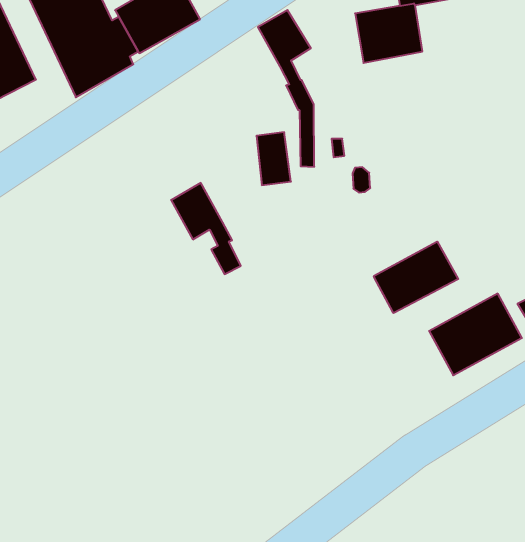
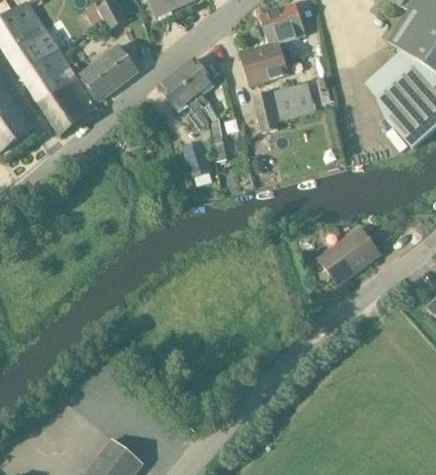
building: none -> [254,82,314,131]
building: [171,183,241,274] -> [158,71,210,130]
building: [374,242,458,313] -> none

